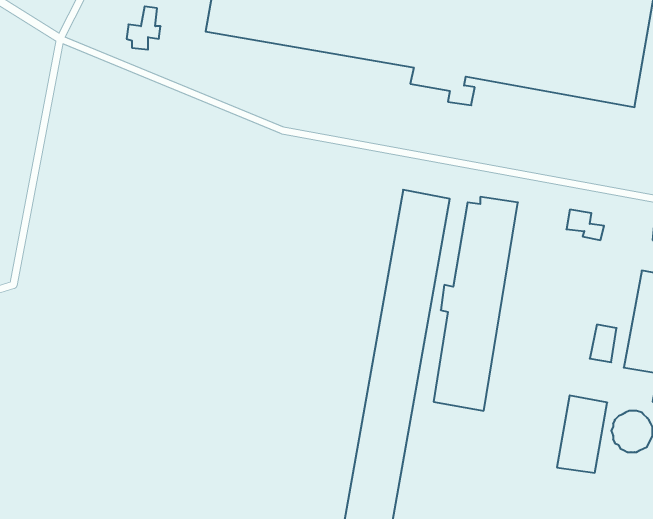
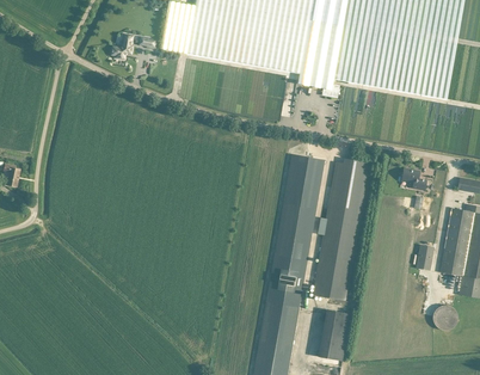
building: [557,395,607,473] -> [318,309,351,361]

